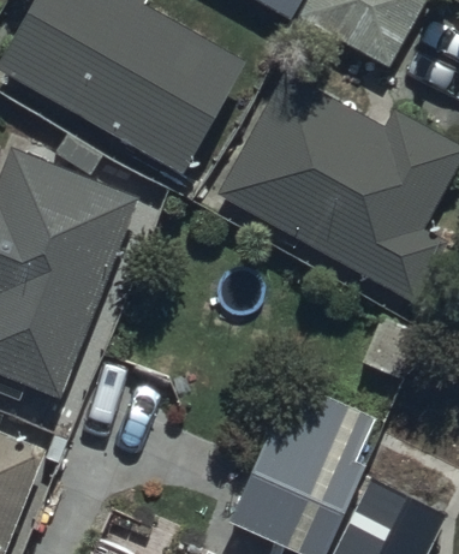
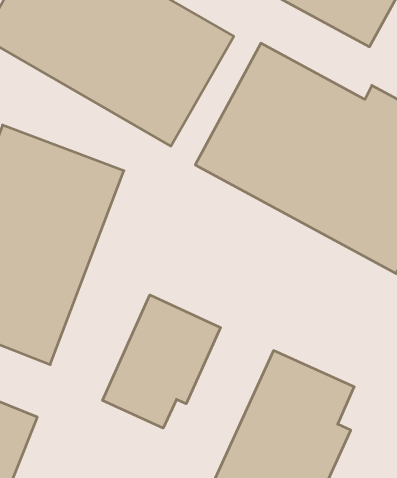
building: none -> [103,295,221,428]

